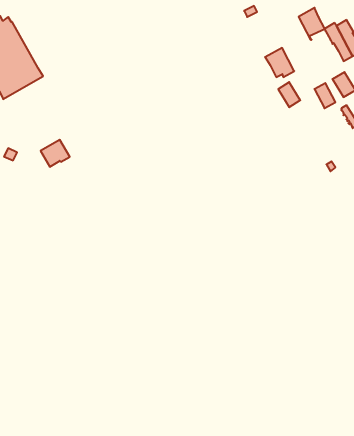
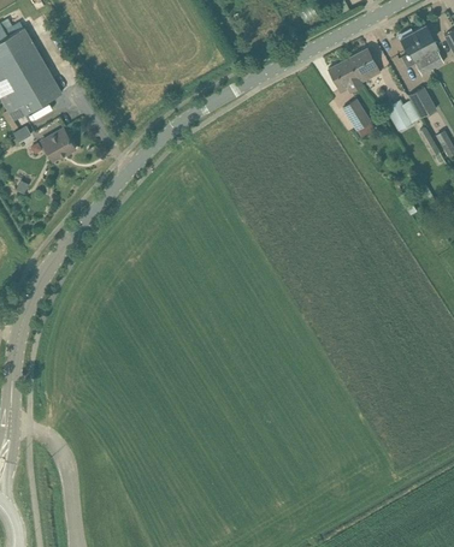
building: [299,8,325,40] -> [348,47,379,85]
building: [41,140,70,167] -> [41,127,76,160]

